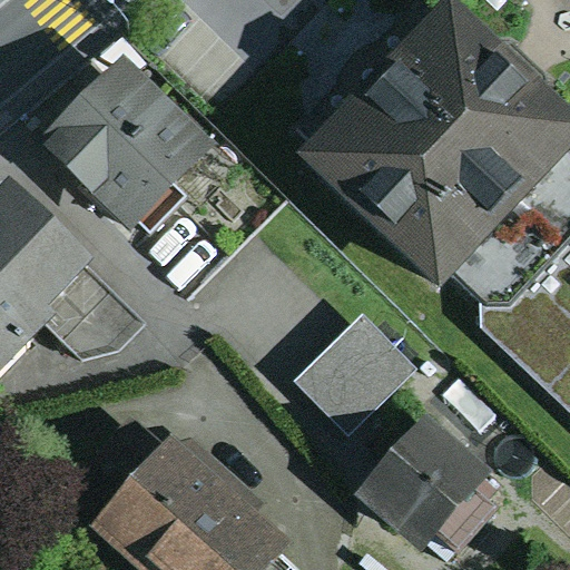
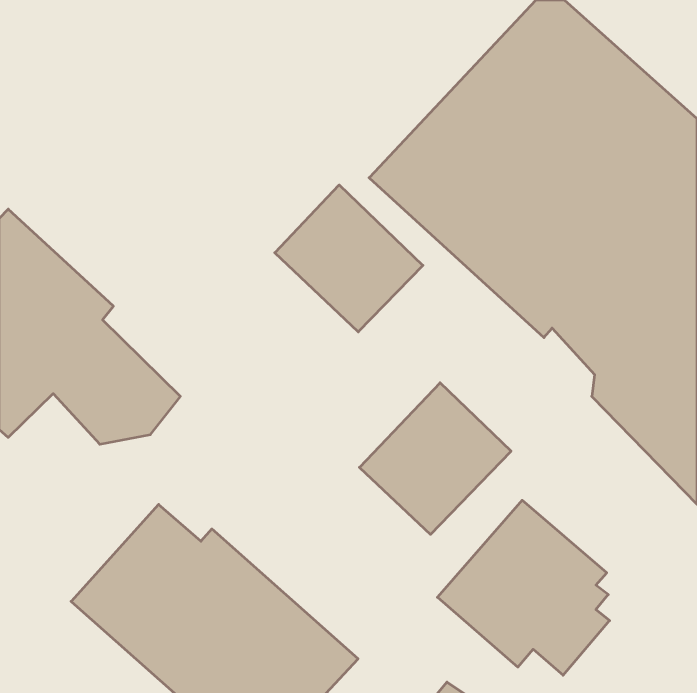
building: [38,49,217,233] -> none
building: none -> [275,185,423,332]

